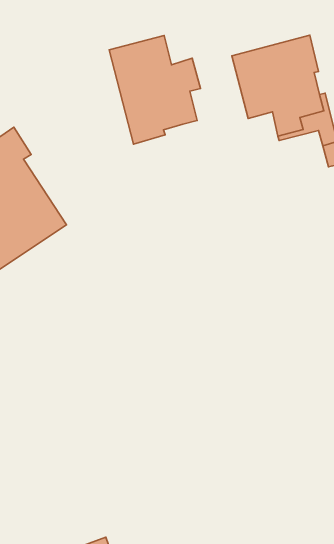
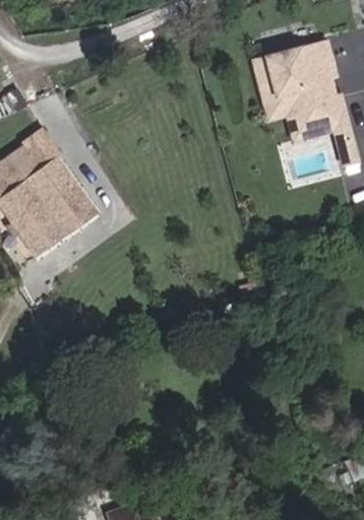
building: [109,35,200,144] -> none

